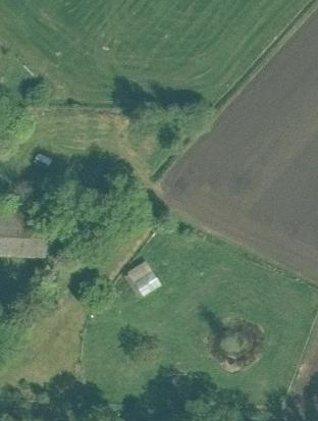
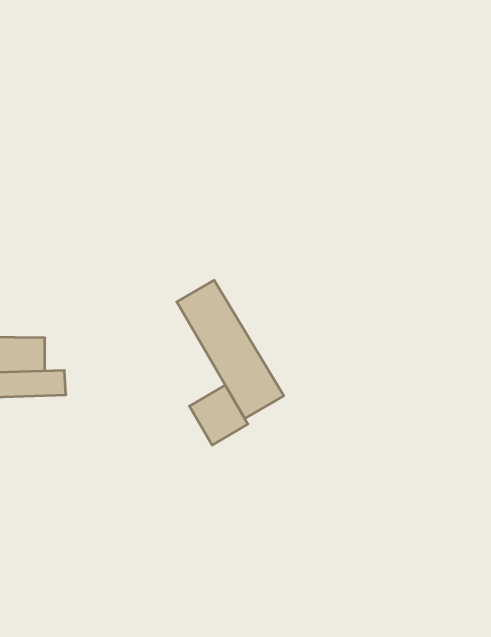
building: none -> [177,280,284,419]

